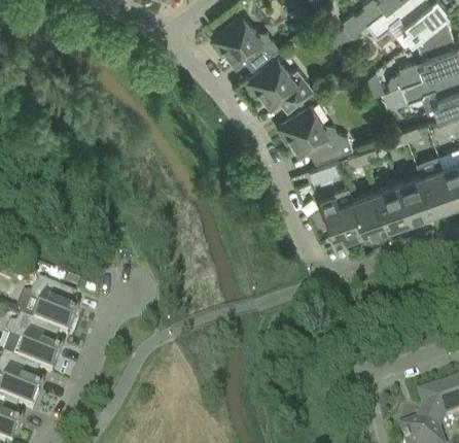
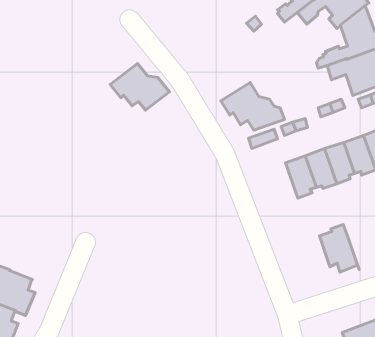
building: [210,15,279,70] -> [110,63,169,110]
building: [246,58,314,112] -> none
building: [320,189,366,244] -> [319,224,359,272]
building: [25,282,76,340] -> none

